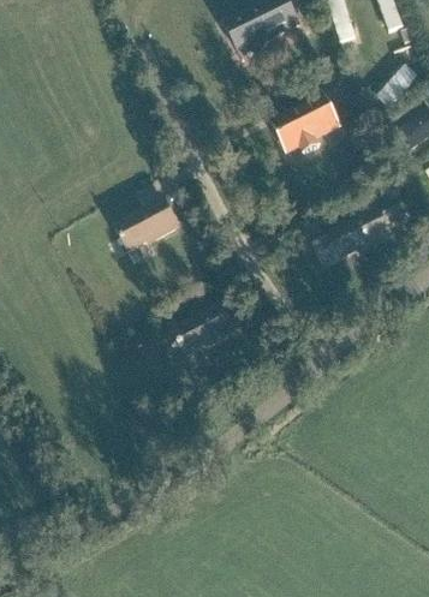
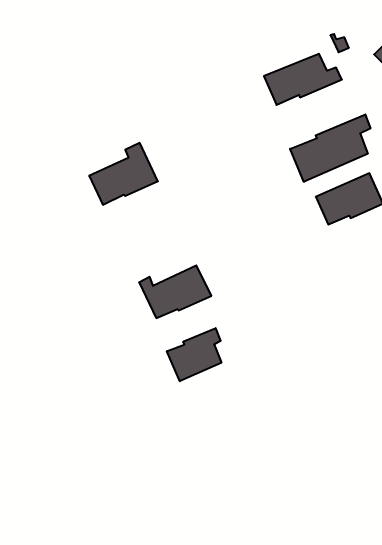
building: none -> [290,114,370,182]
building: none -> [167,328,221,381]

